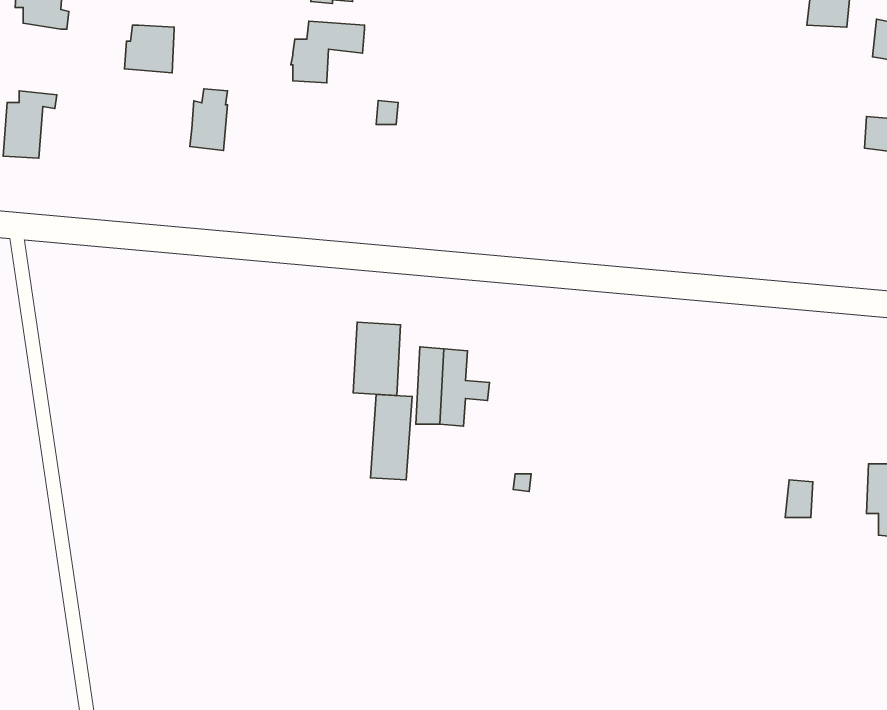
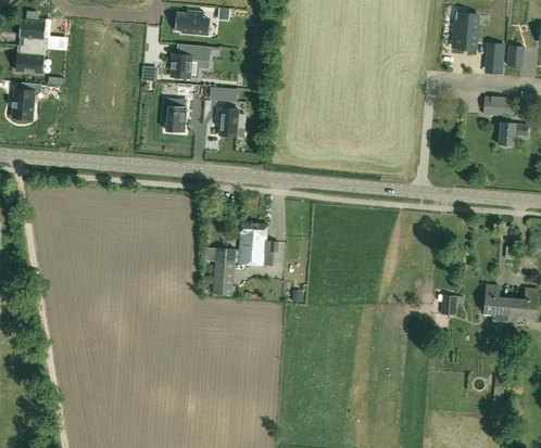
building: [125,25,174,73] -> [15,47,42,73]
building: [190,89,228,150] -> [165,98,186,131]
building: none -> [218,107,244,136]
building: [353,322,401,396] -> none

